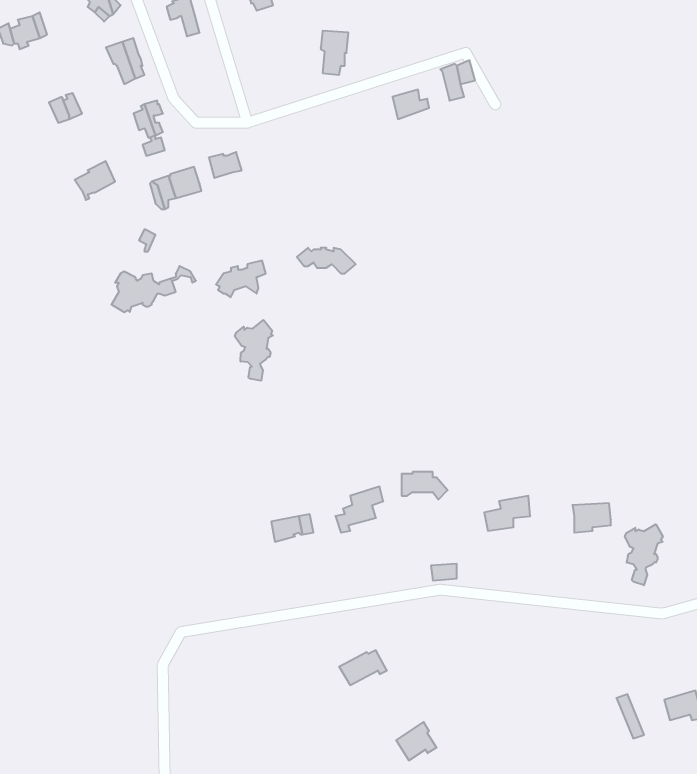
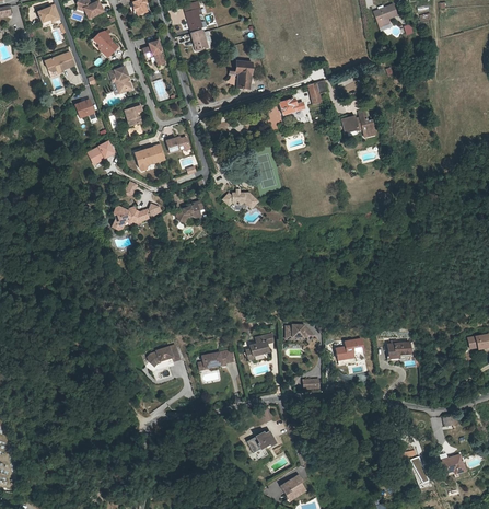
building: none -> [344,111,377,135]
building: [235,320,273,381] -> none
building: none -> [148,344,179,369]
building: [625,524,663,585] -> none

